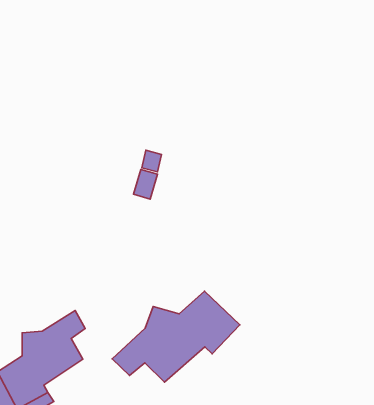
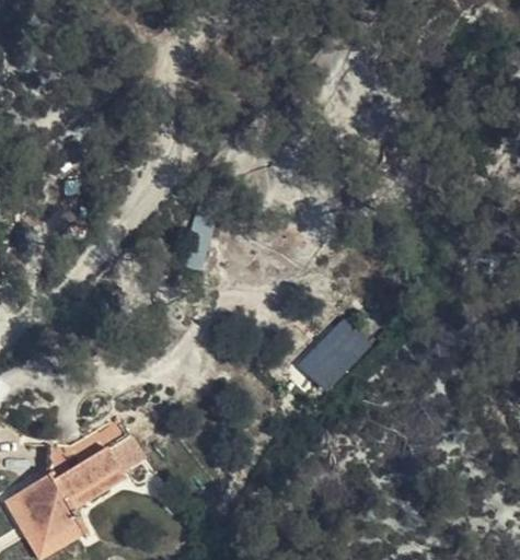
building: none -> [305,316,380,392]
building: [112,291,240,382] -> none

